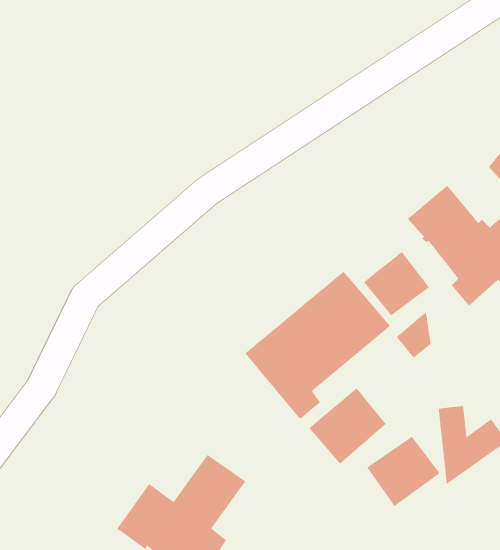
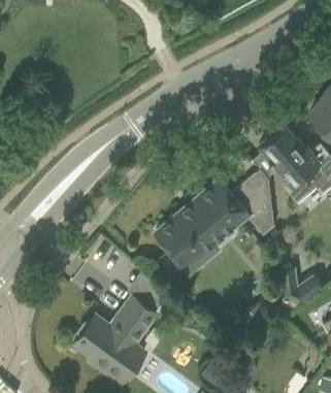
building: [308,387,386,465] -> none
building: [367,436,441,507] -> none

